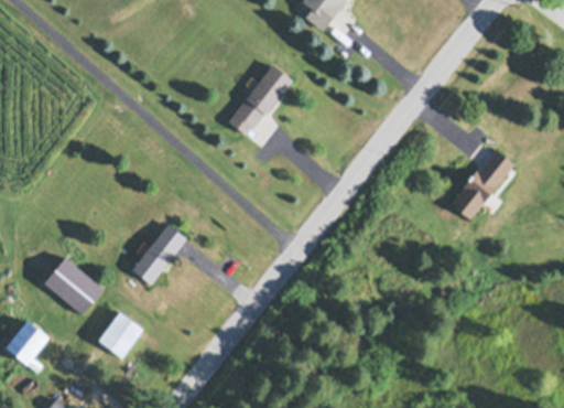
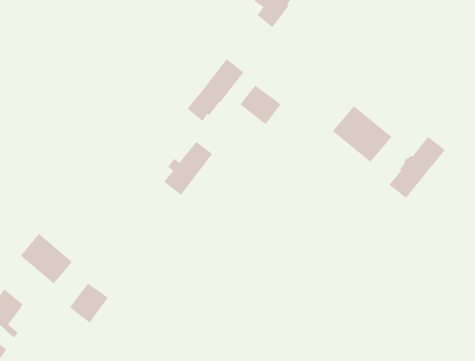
building: none -> [239,84,282,125]
building: none -> [332,105,393,163]
building: [131,225,186,286] -> [163,141,213,196]

